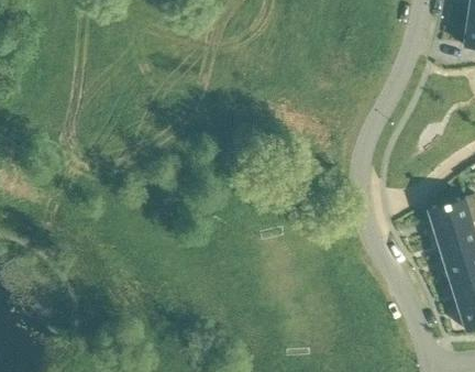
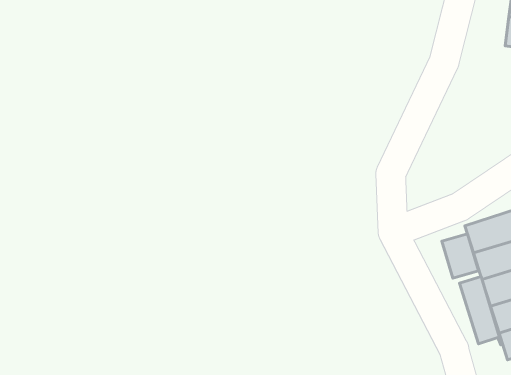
building: none -> [442,234,478,278]
building: none -> [460,276,502,345]

